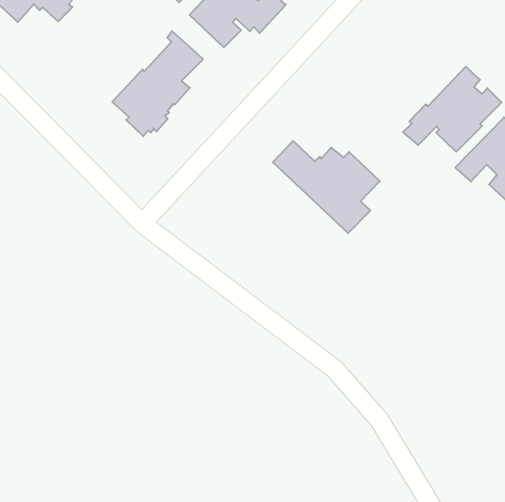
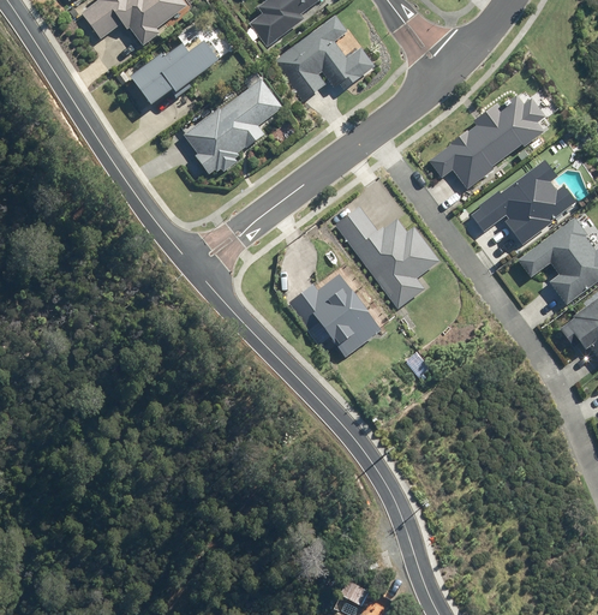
building: none -> [429,94,545,187]
building: none -> [118,43,215,106]
building: none -> [288,275,379,357]

